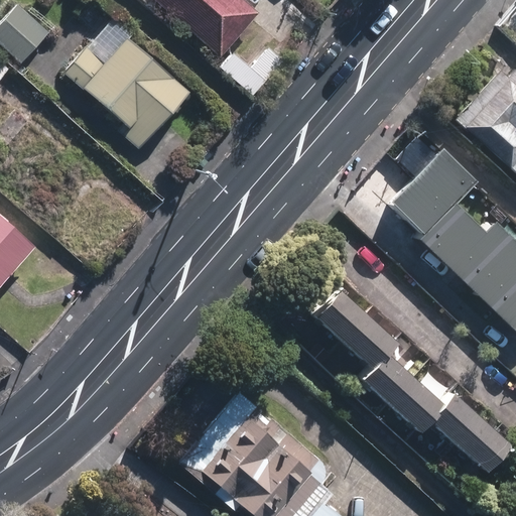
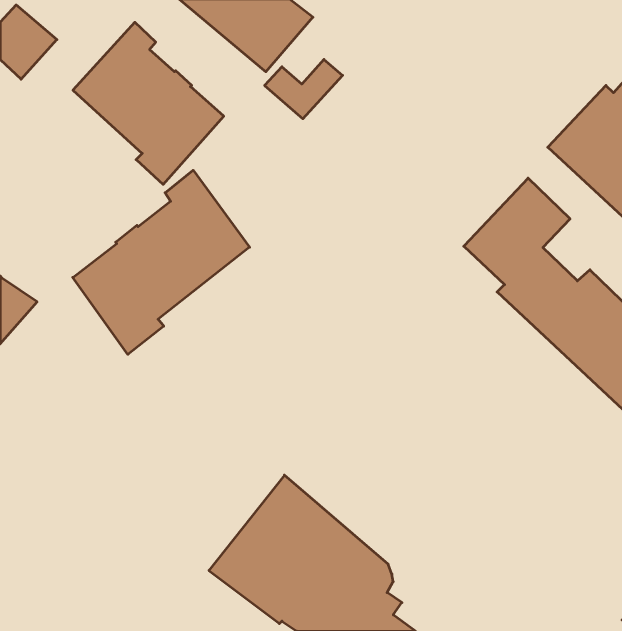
building: none -> [73,170,250,354]
building: [300,278,508,469] -> none

